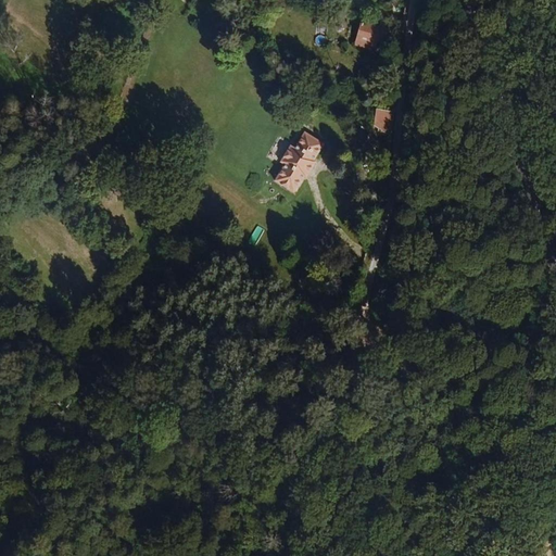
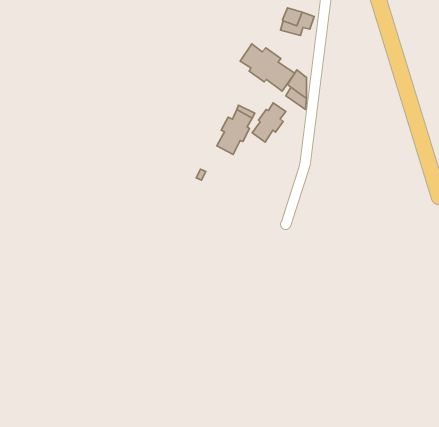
building: none -> [240,44,295,91]
building: none -> [252,103,286,142]

